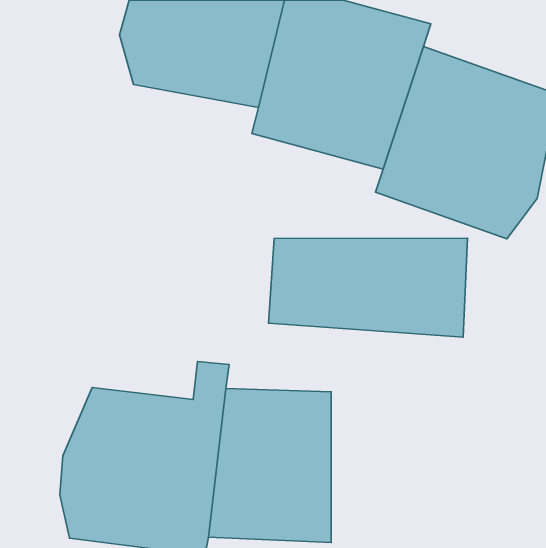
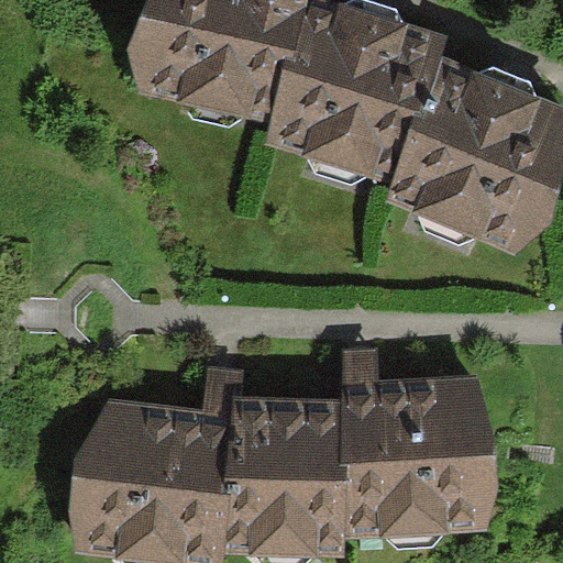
building: [268,238,468,337] -> none
building: none -> [343,350,497,534]

